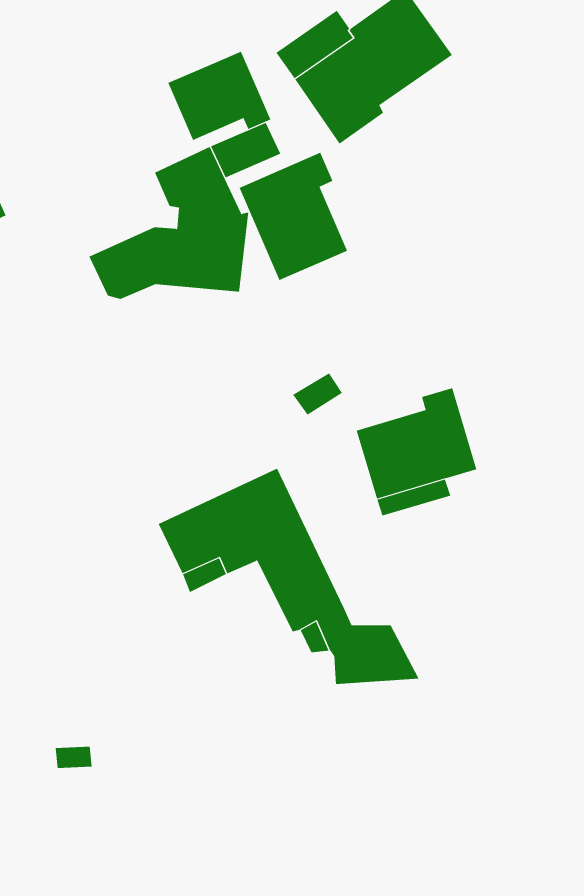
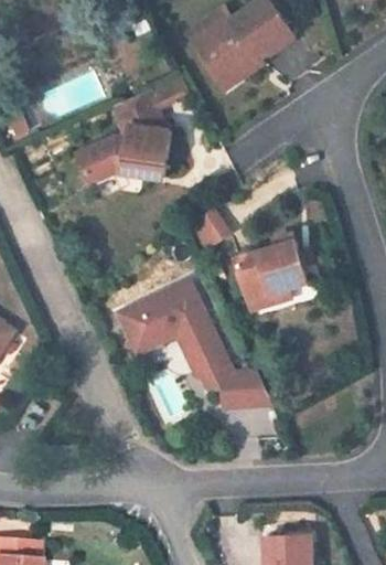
building: [168,51,271,141] -> none
building: [239,152,348,281] -> none

